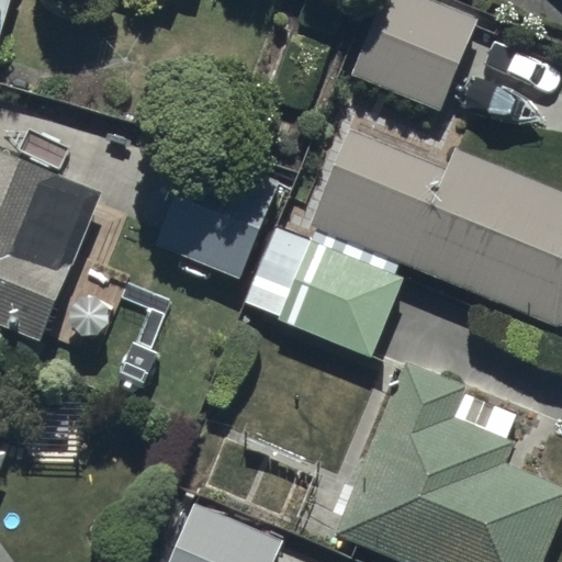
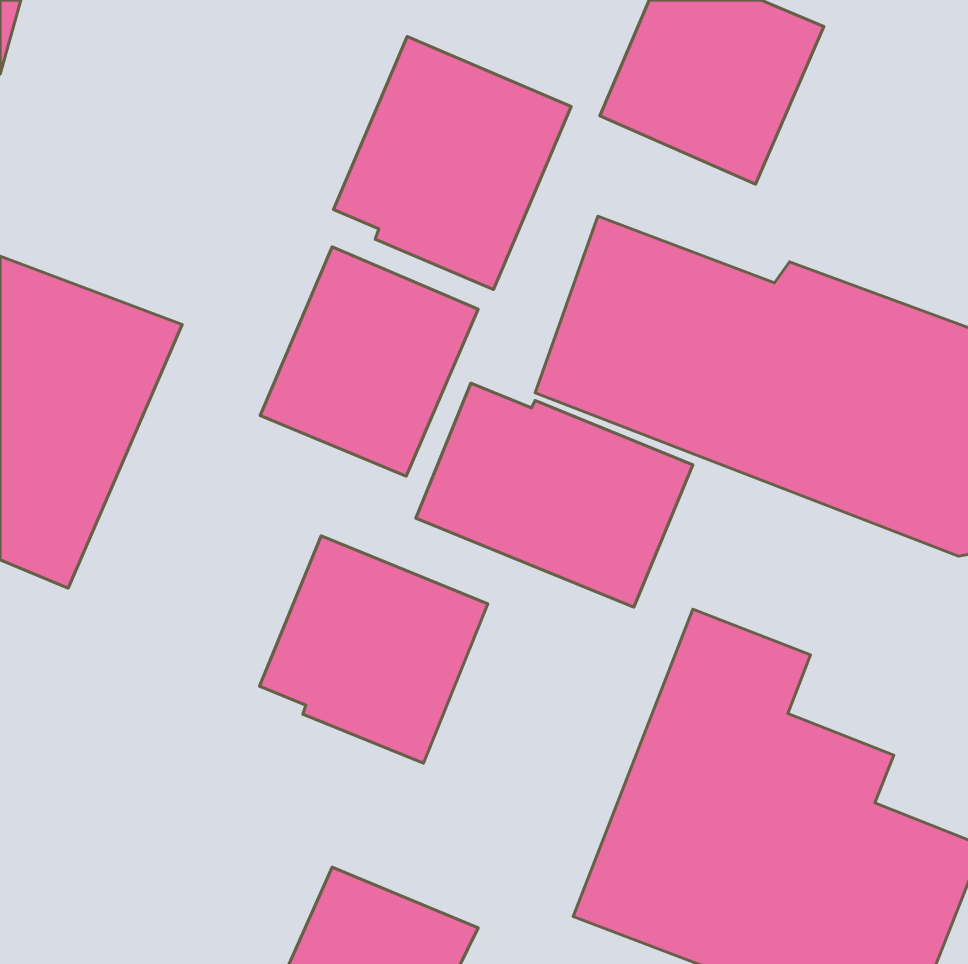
building: none -> [334,37,571,290]
building: none -> [260,536,488,763]

